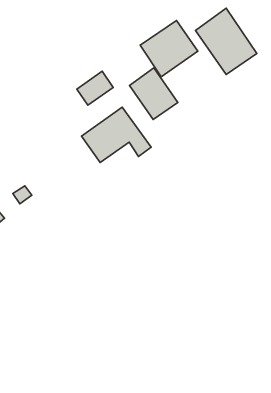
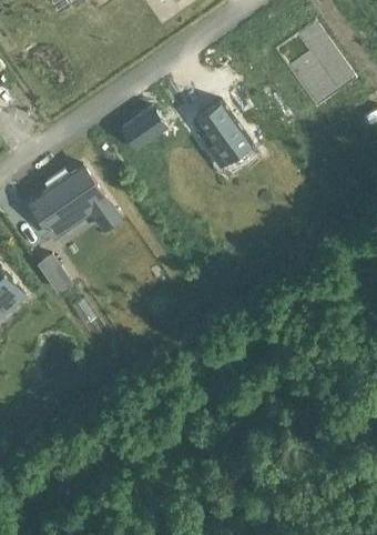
building: [140,21,198,77] -> none
building: [81,107,151,163] -> [29,166,120,239]

